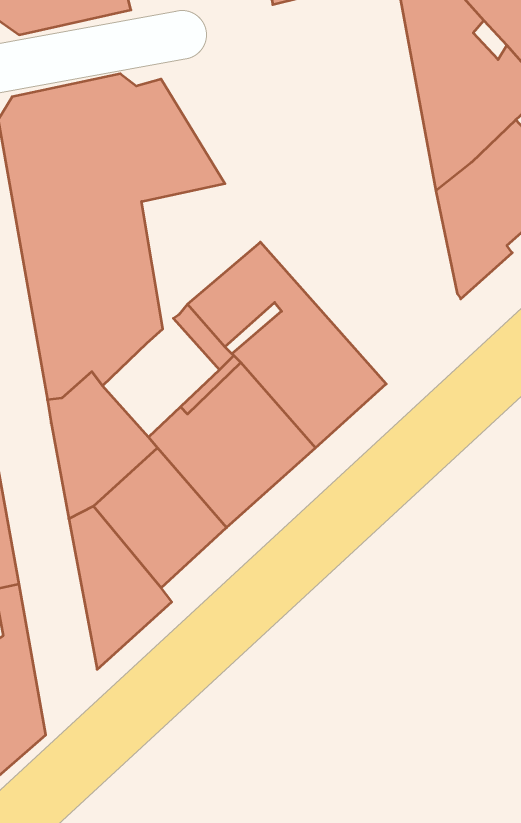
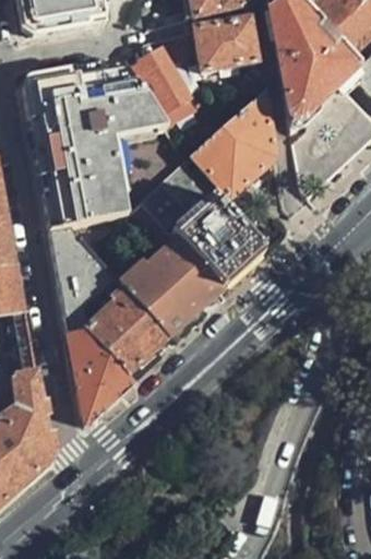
building: none -> [193,19,256,71]
building: none -> [139,48,189,109]
building: none -> [191,93,273,198]

